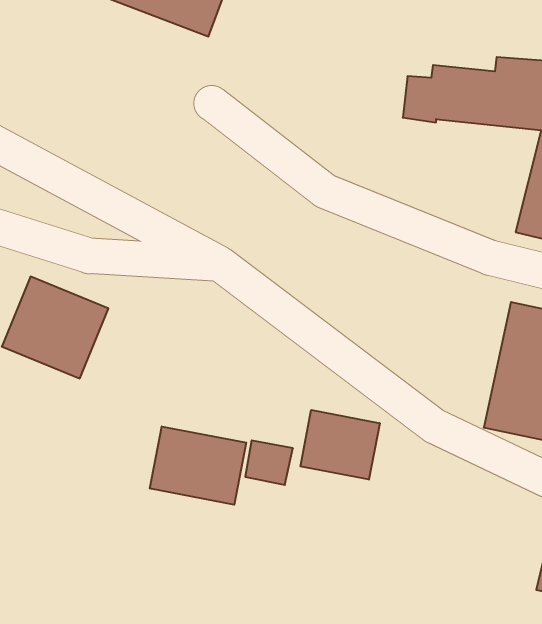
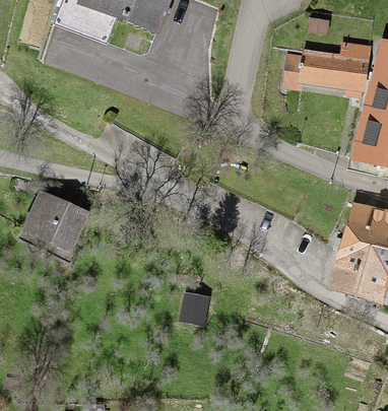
building: [300,410,380,480] -> none
building: [150,426,246,505] -> none

